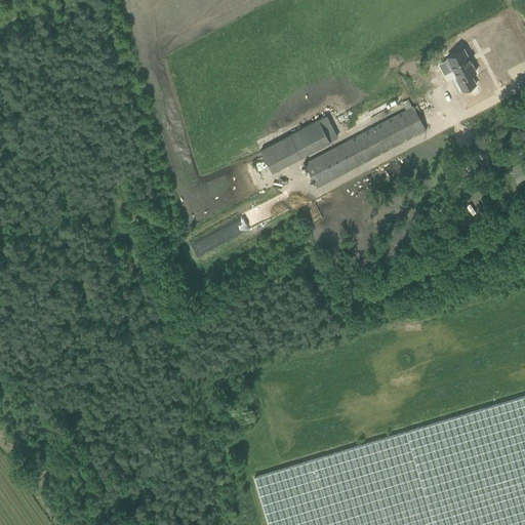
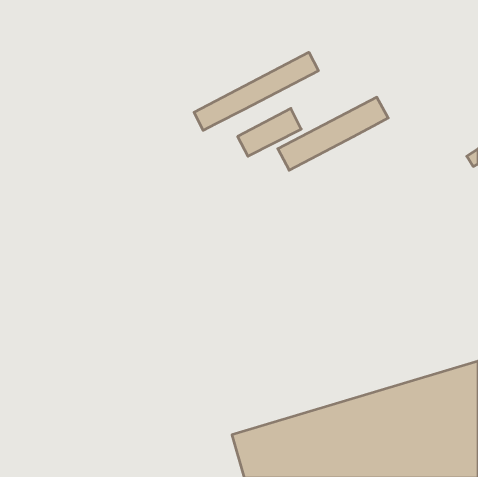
building: [439,49,476,92] -> none
building: none -> [194,52,318,130]

